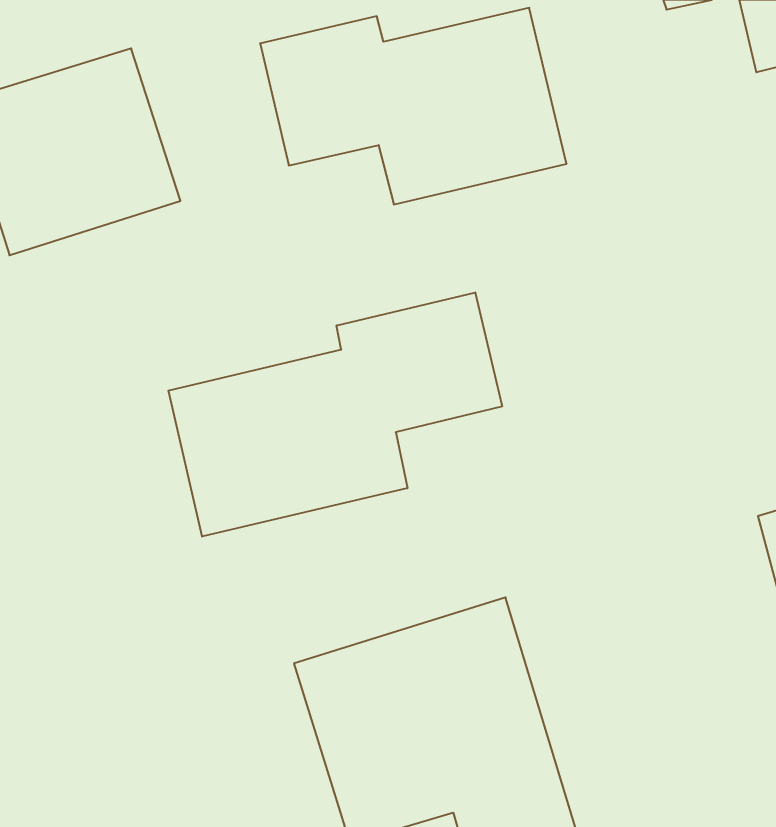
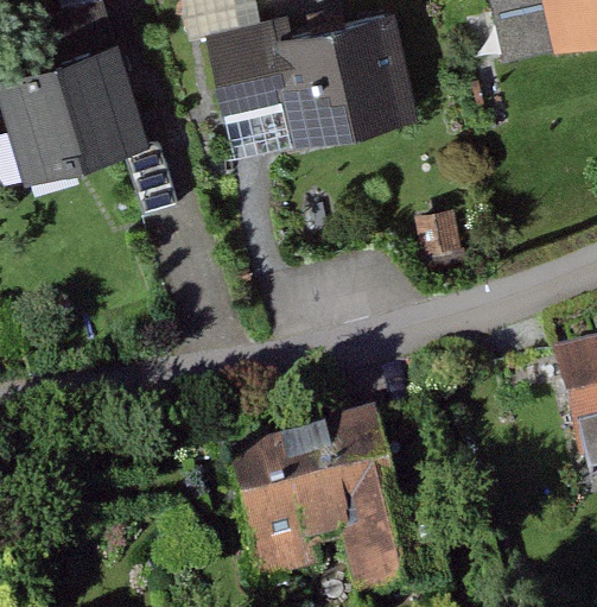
building: [168,292,502,537] -> none

